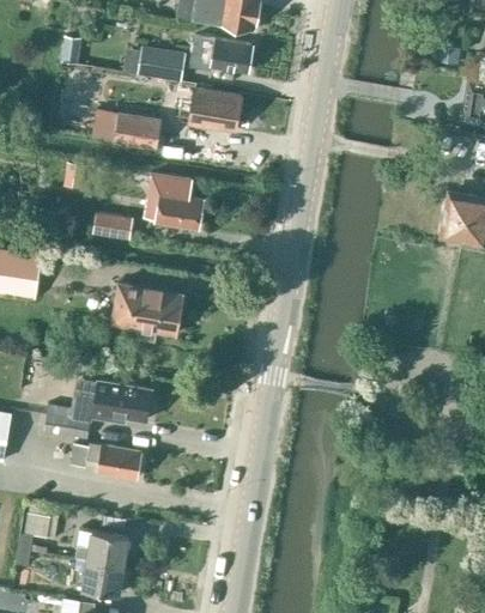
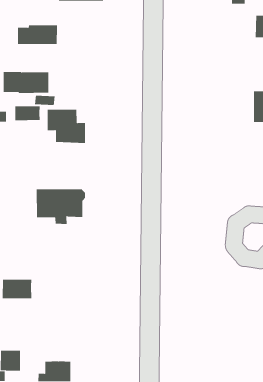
building: [190,36,251,72] -> none
building: [187,89,243,131] -> none
building: [92,212,133,238] -> [14,106,41,121]
building: [79,380,153,423] -> none
building: [69,443,143,479] -> none

